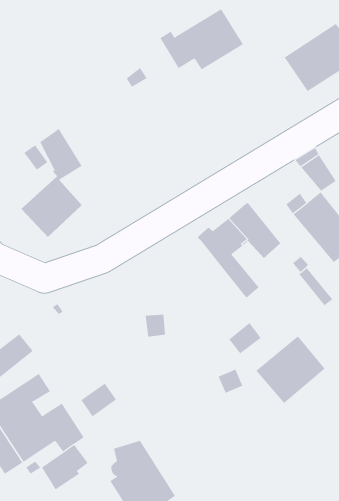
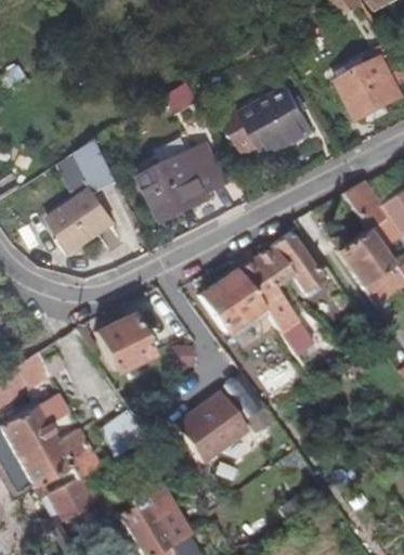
building: [159,9,244,70] -> [224,93,312,156]
building: none -> [145,144,230,220]
building: none -> [199,268,266,338]
building: none -> [93,312,148,369]
building: [255,335,326,404] -> [170,390,244,461]

